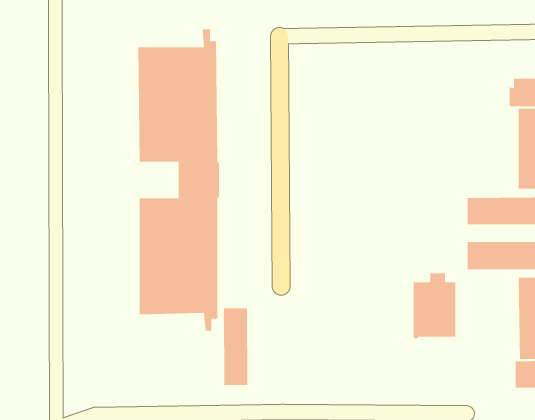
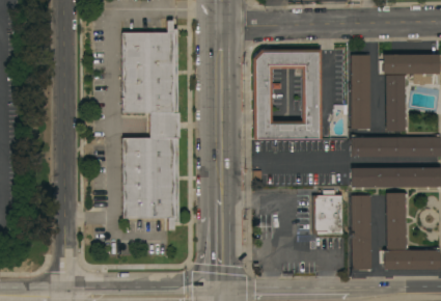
building: none -> [251,50,321,140]
building: none -> [351,55,370,129]
building: none -> [351,196,370,270]
building: [224,308,248,386] -> none

